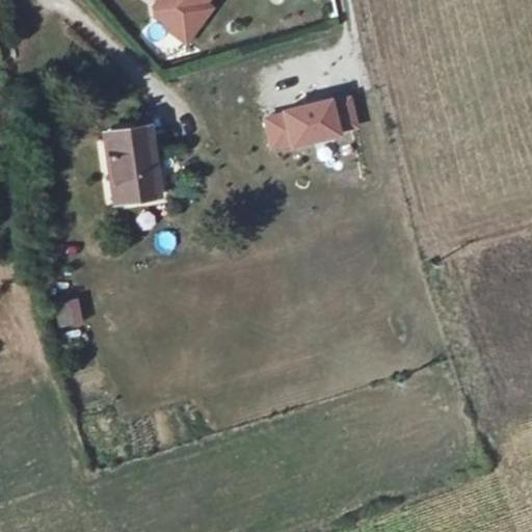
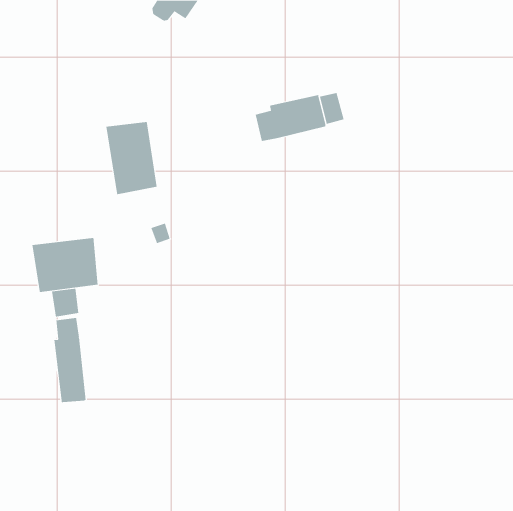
building: none -> [32,237,98,293]
building: none -> [54,317,86,403]

